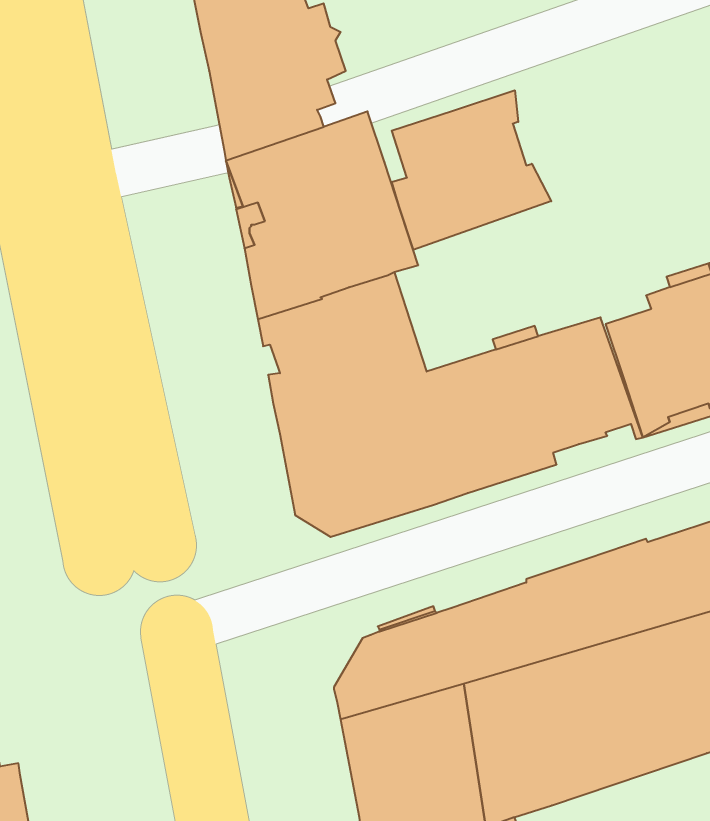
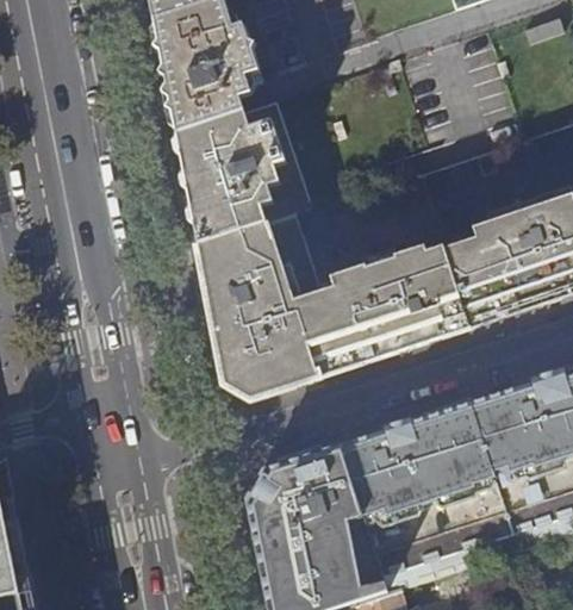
building: [392,90,551,250] -> none

